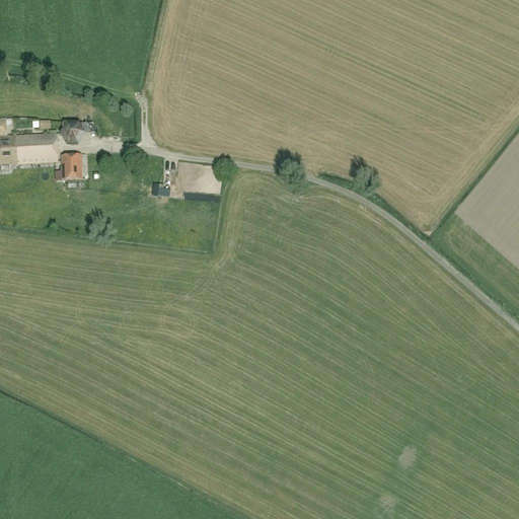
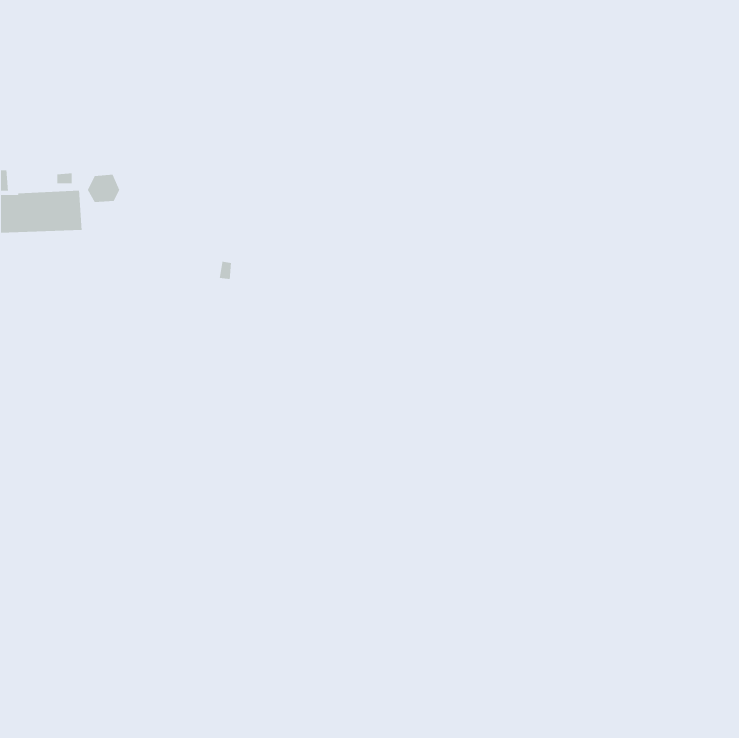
building: [62,153,83,179] -> none

